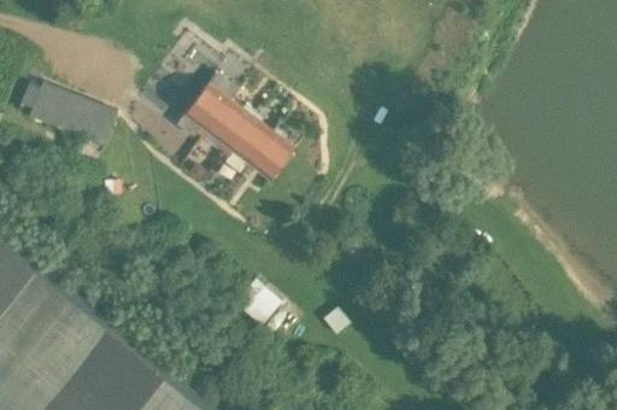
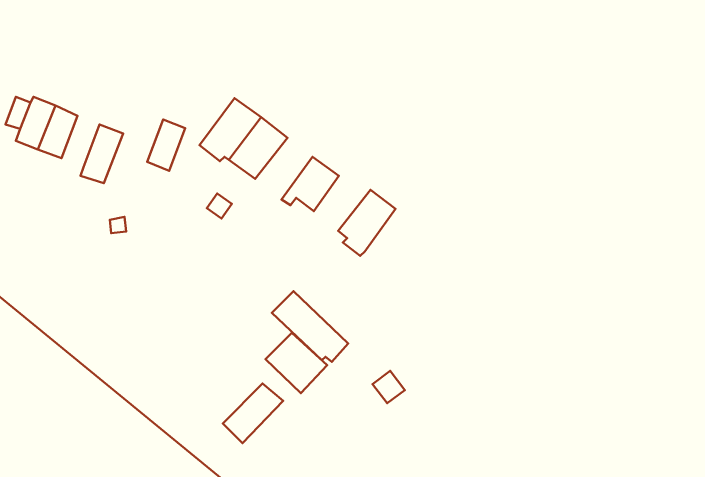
building: [65,98,96,140] -> [147,119,185,171]
building: [224,116,271,170] -> [338,190,396,256]
building: none -> [272,291,348,362]
building: none -> [223,383,283,443]

